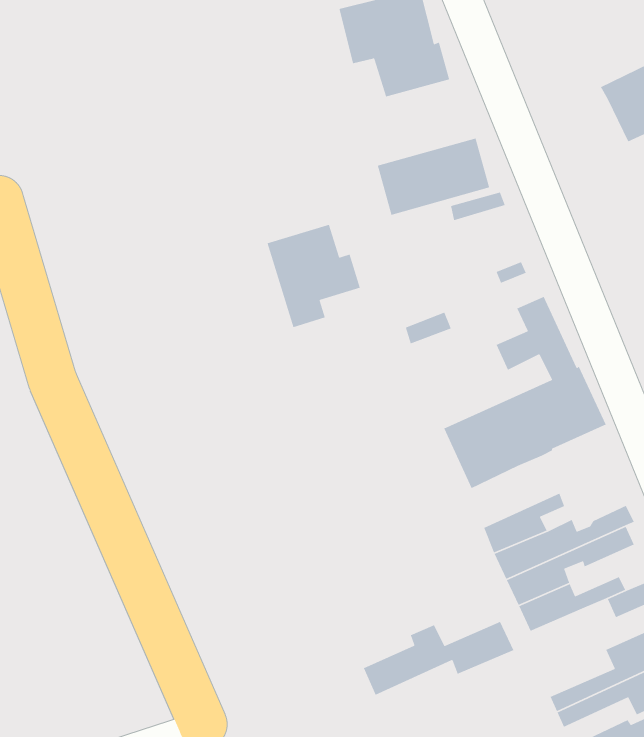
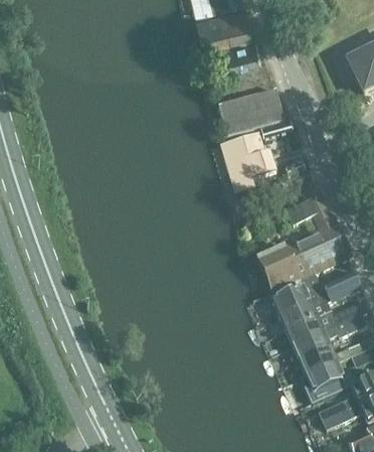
building: [267,224,361,328] -> [221,131,275,191]
building: none -> [307,361,344,400]
building: [363,621,515,696] -> [272,271,360,314]

